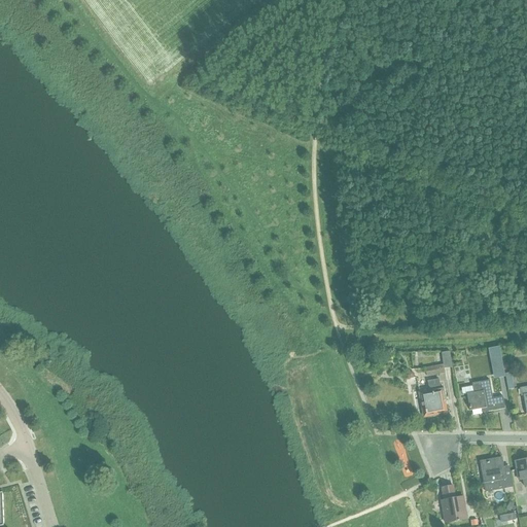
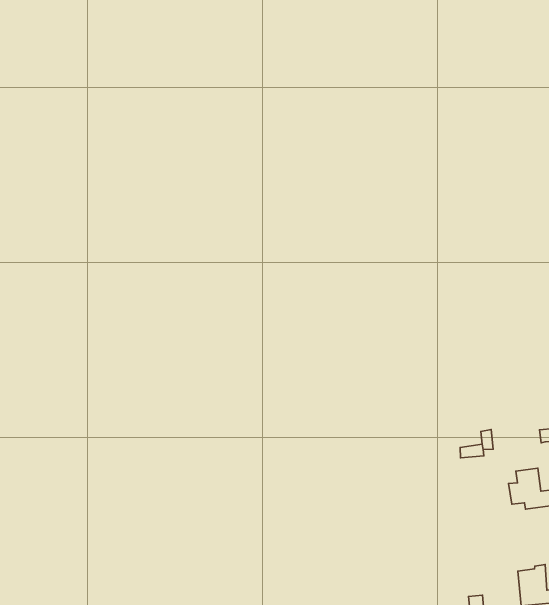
building: [420,377,447,415] -> none

